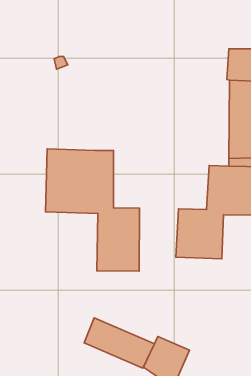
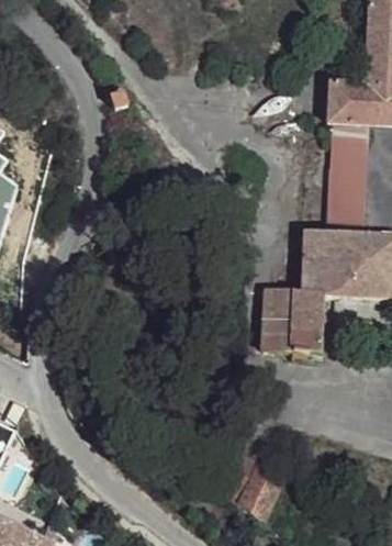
building: [45,149,139,271] -> none
building: [84,318,154,368] -> none

